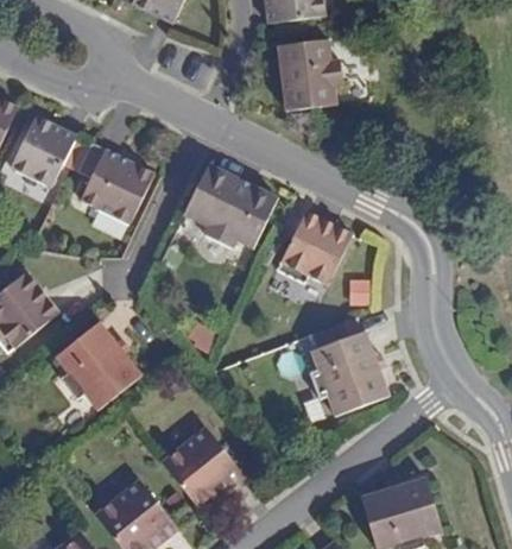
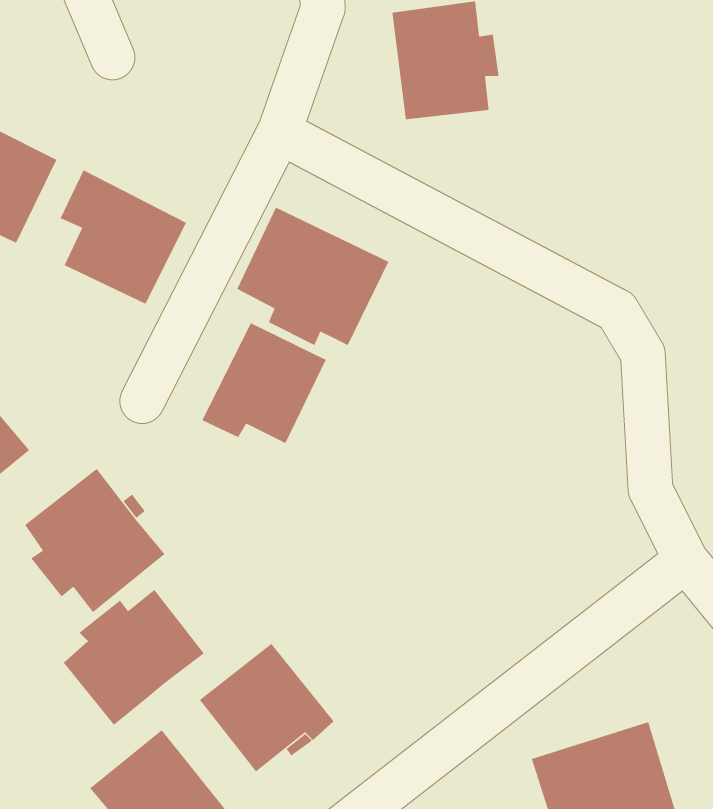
building: [274,210,350,284] -> [201,322,327,444]
building: [309,330,387,412] -> none
building: none -> [63,589,205,726]

